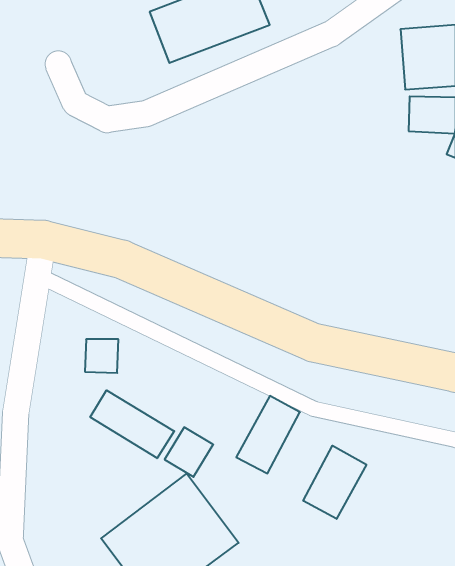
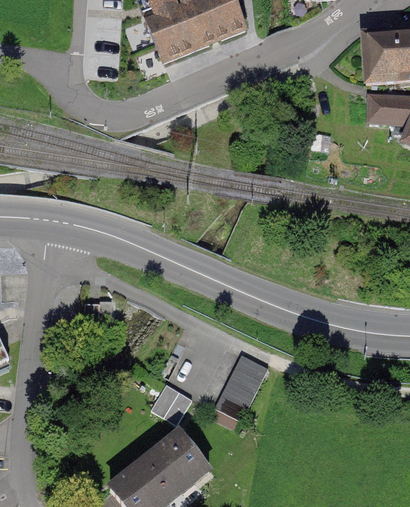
building: [90,390,174,458] -> none
building: [303,446,366,519] -> none

